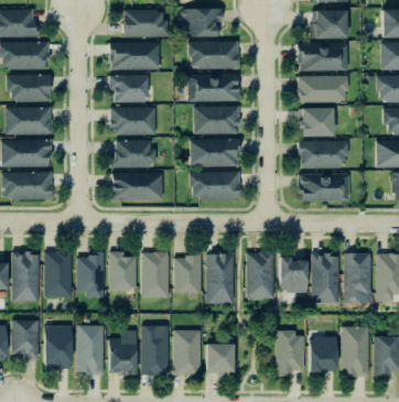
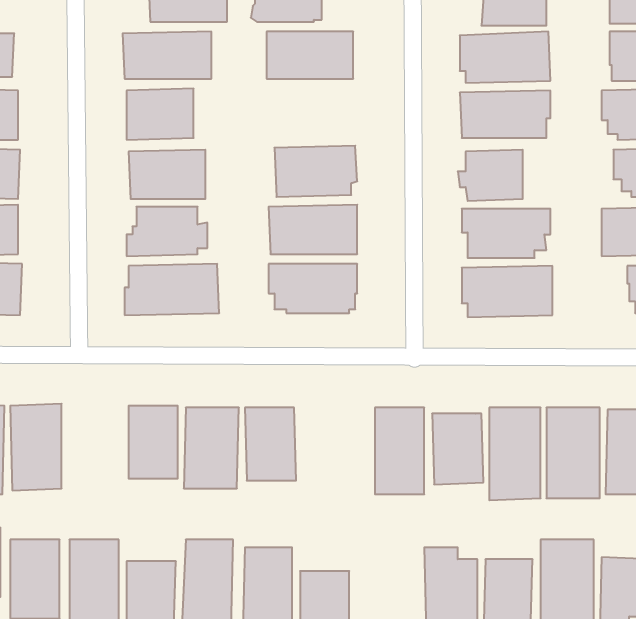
building: [186,74,238,100] -> none
building: [78,252,106,300] -> none
building: [208,252,236,304] -> none

